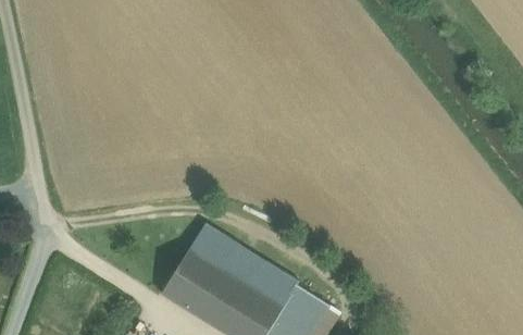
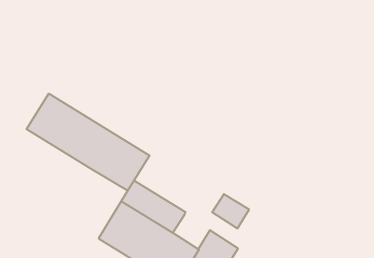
building: none -> [27,94,149,191]
building: [252,265,297,307] -> [212,194,249,228]

